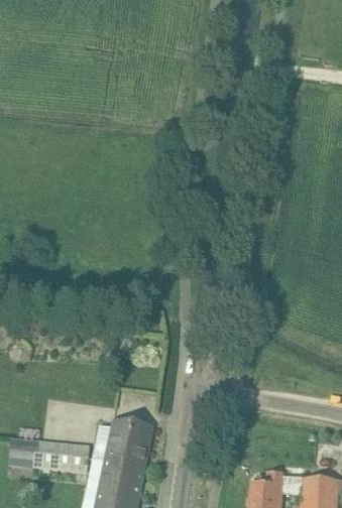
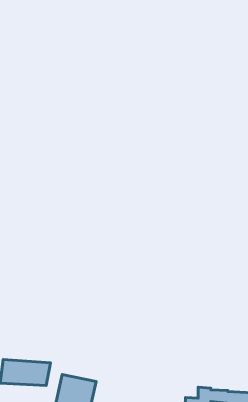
building: [104,421,151,467] -> none

